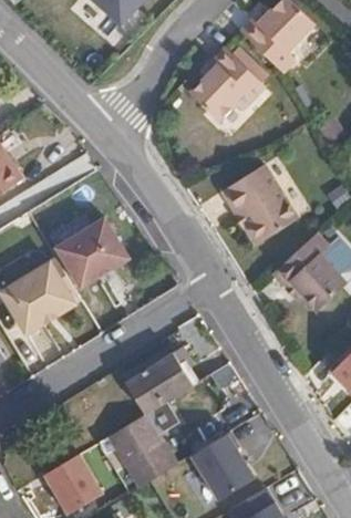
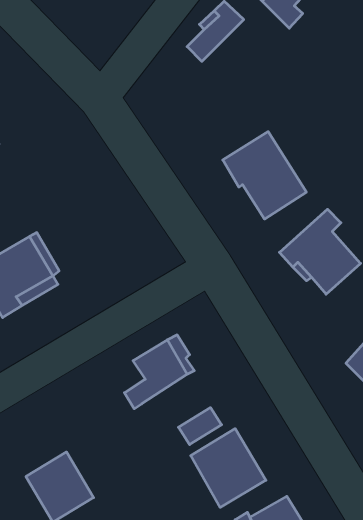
building: [202,64,260,124] -> none
building: [53,220,122,287] -> none
building: [113,410,179,481] -> none

